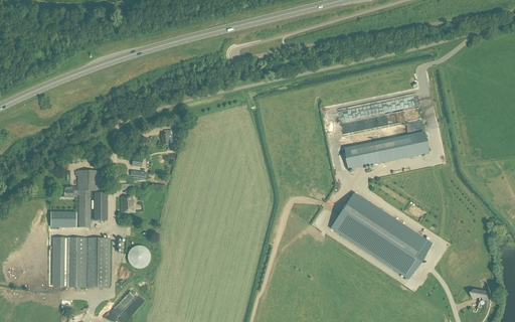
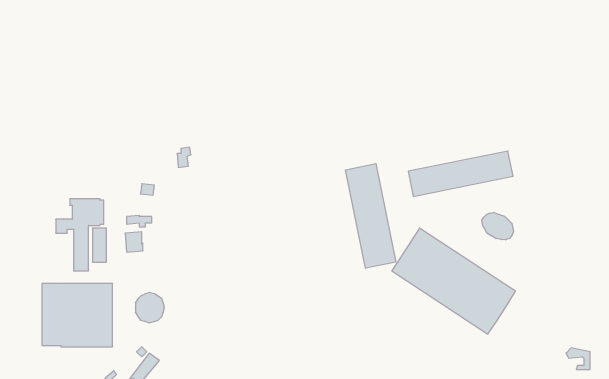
building: none -> [346,164,396,268]
building: none -> [482,212,514,240]
building: [50,211,75,226] -> none

